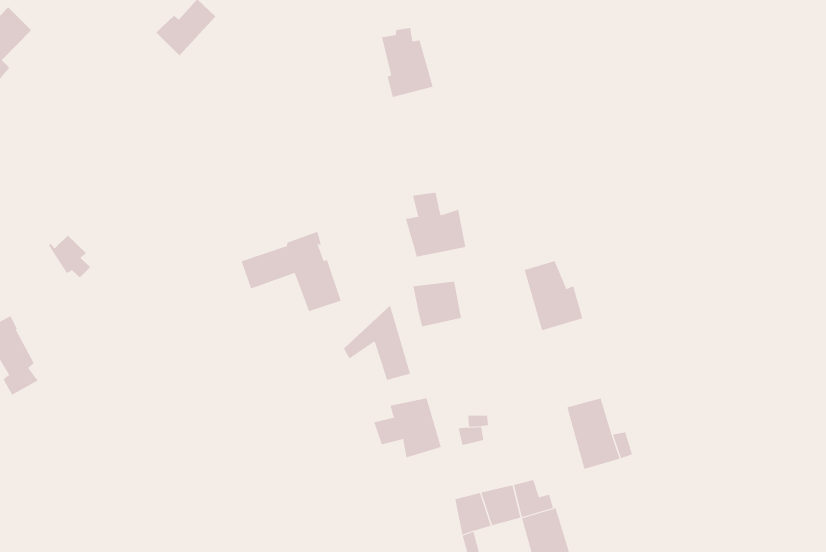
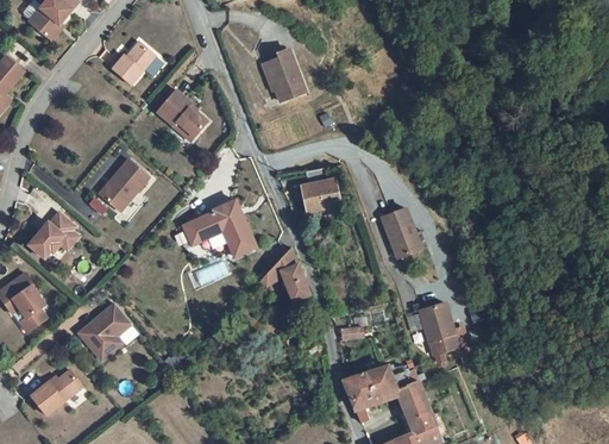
building: none -> [157,89,207,135]
building: none -> [101,160,147,212]
building: none -> [30,221,62,256]
building: [413,281,461,327] -> none
building: none -> [81,306,131,362]
building: [373,398,442,458] -> none
building: none -> [38,373,89,418]

